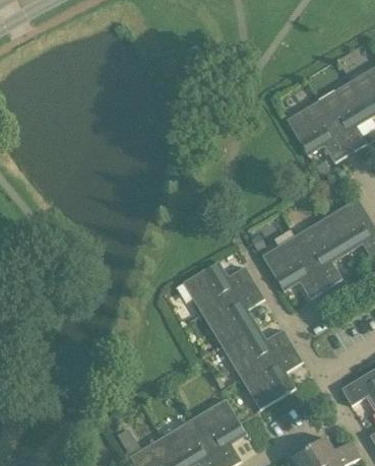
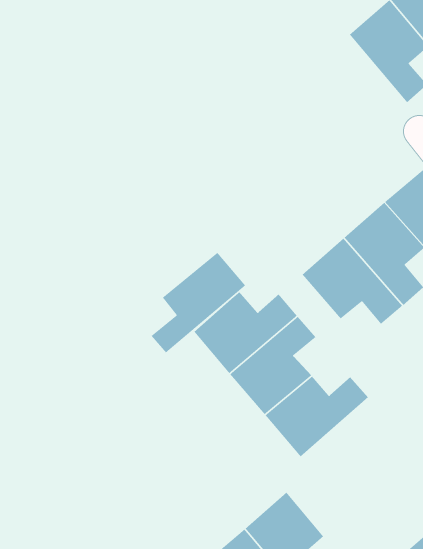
building: [288,99,352,161] -> none
building: none -> [150,252,246,354]
building: [240,346,303,410] -> none

